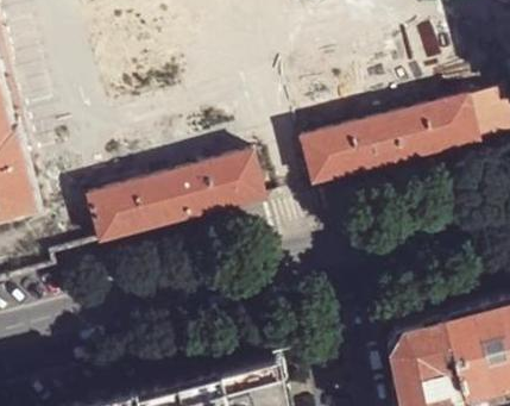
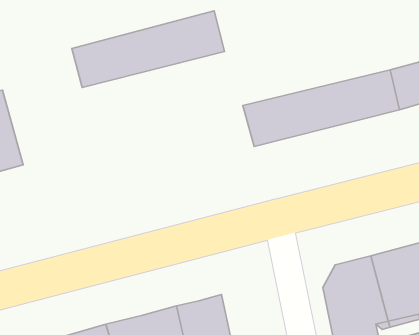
building: [87,150,264,239] -> [72,11,224,87]

